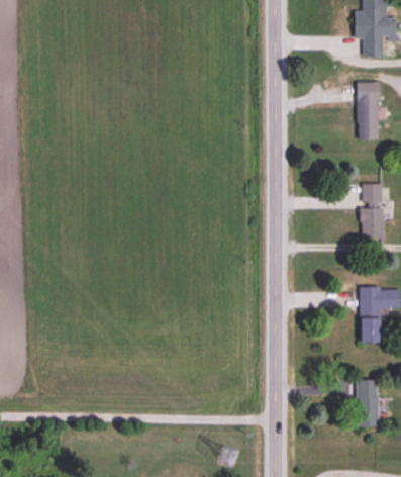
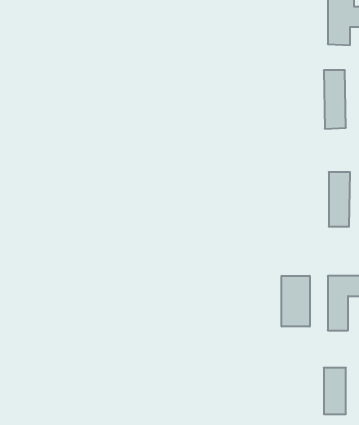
building: none -> [282,276,310,327]

